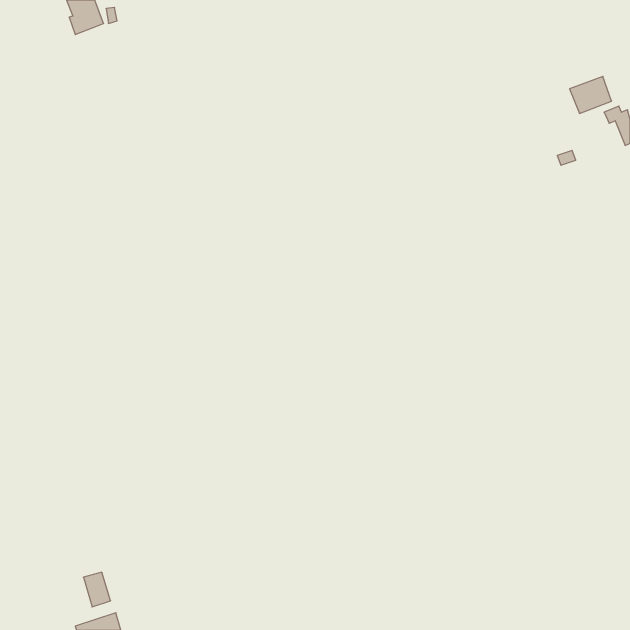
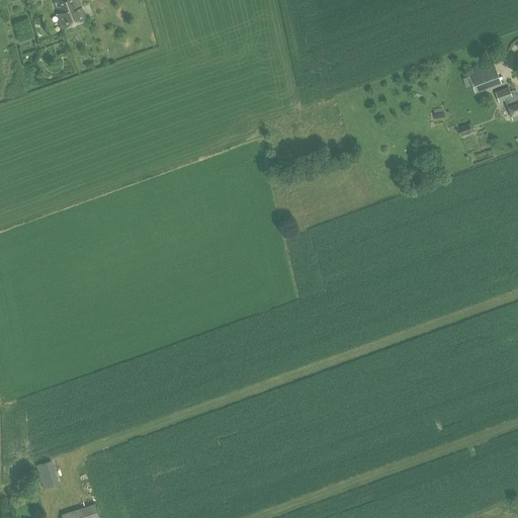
building: [83,572,111,607] -> [36,460,59,489]

